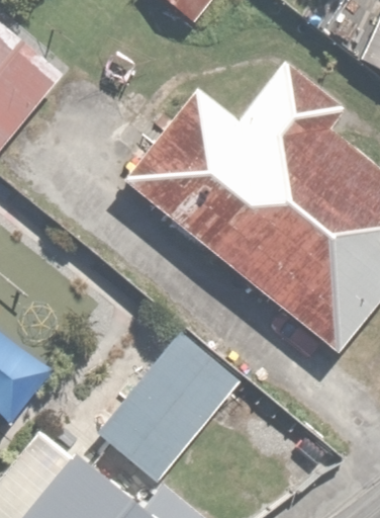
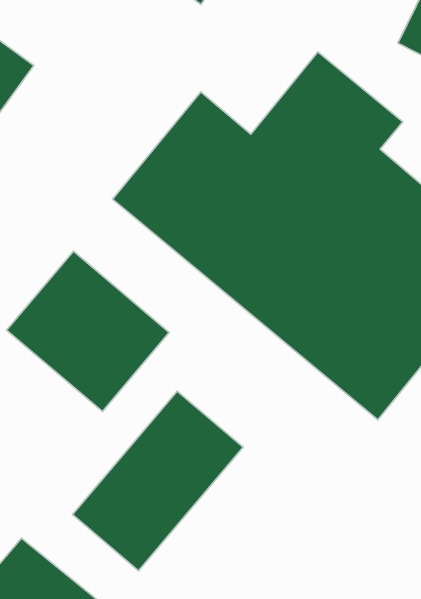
building: none -> [7,251,169,412]

